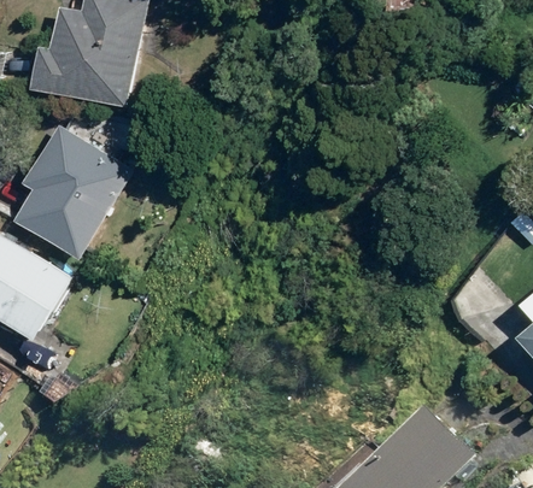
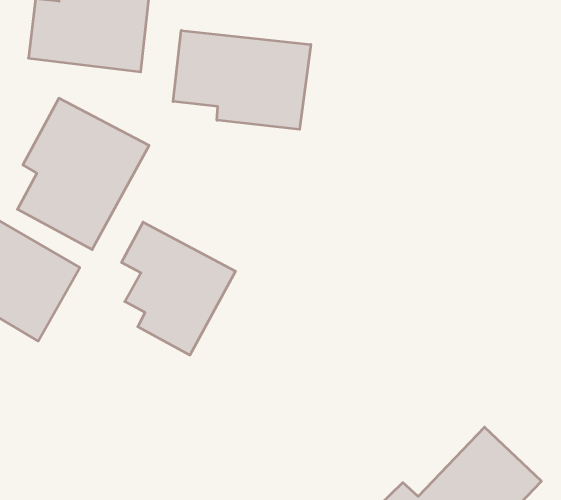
building: none -> [173,30,311,129]
building: none -> [122,222,235,355]

